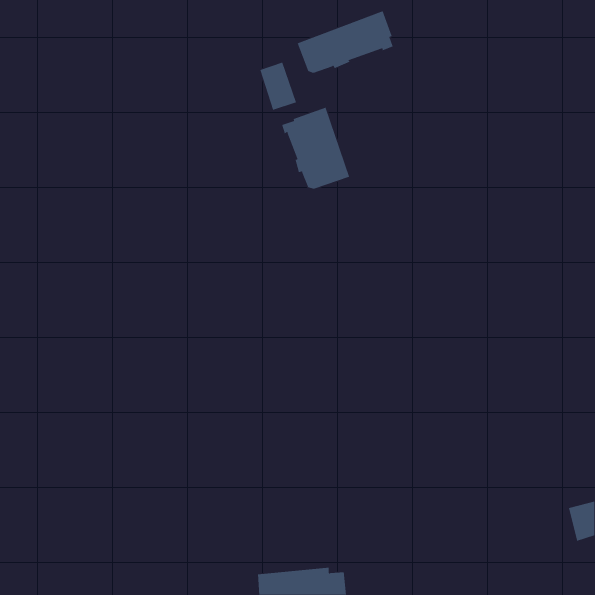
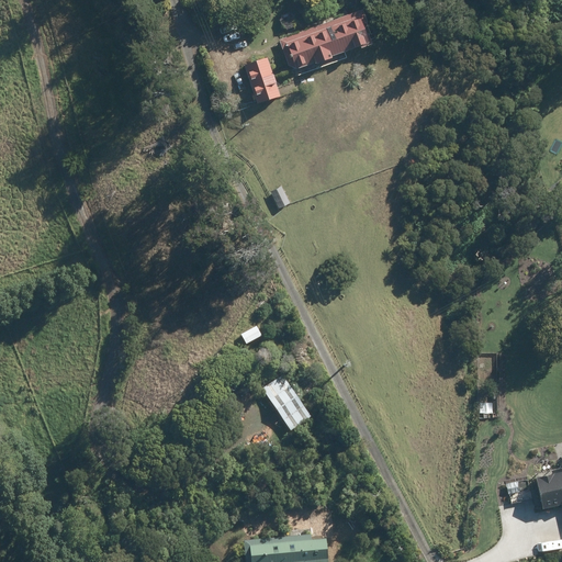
building: [281,107,350,190] -> none
building: none -> [262,375,311,430]

